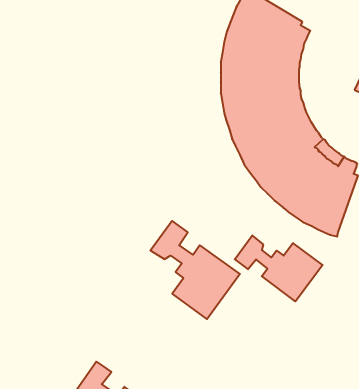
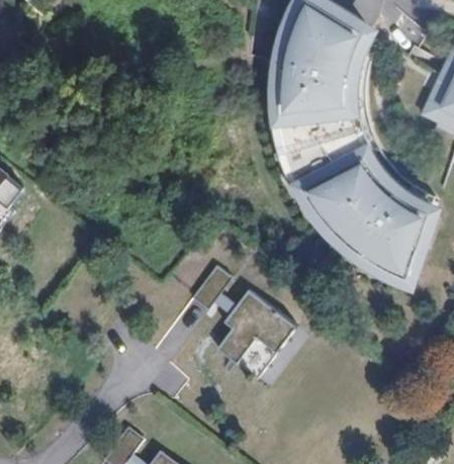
building: [235,235,323,301] -> none

